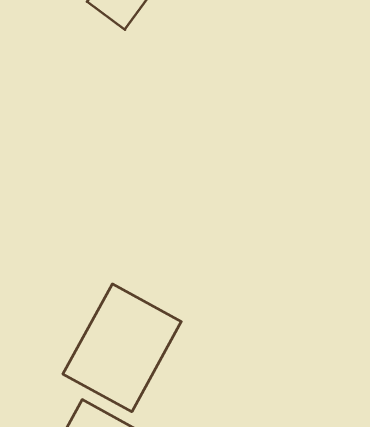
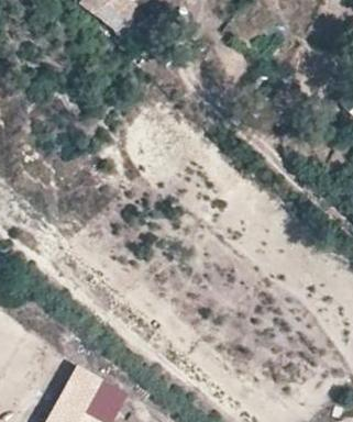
building: [63,284,181,412] -> none

